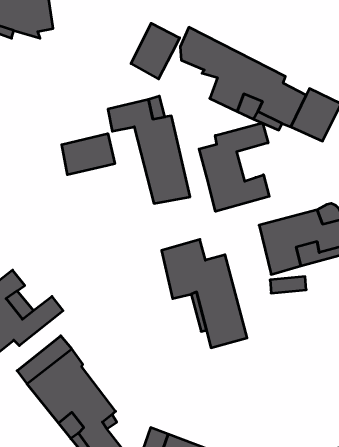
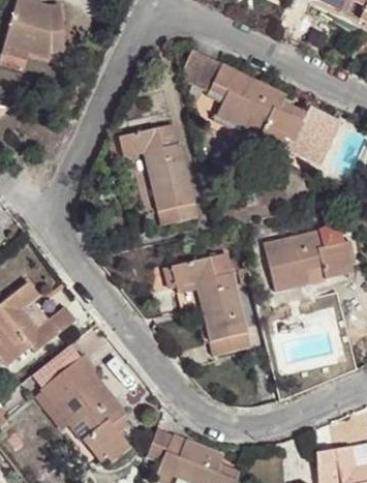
building: [131,23,180,79] -> none
building: [199,123,269,211] -> none
building: [62,134,115,175] -> none

